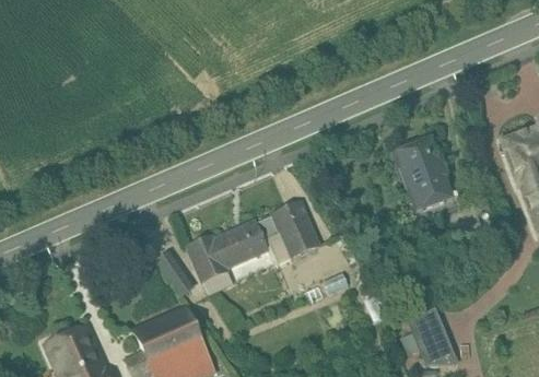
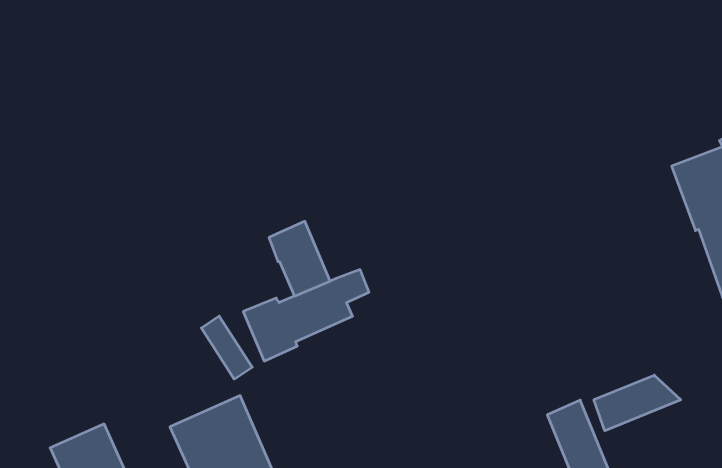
building: [391,137,460,222] -> none
building: [273,201,318,256] -> [269,221,330,296]
building: none -> [594,375,681,431]

